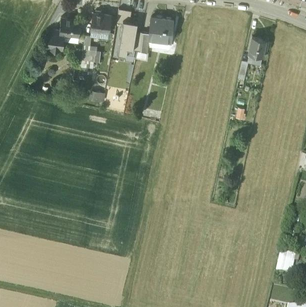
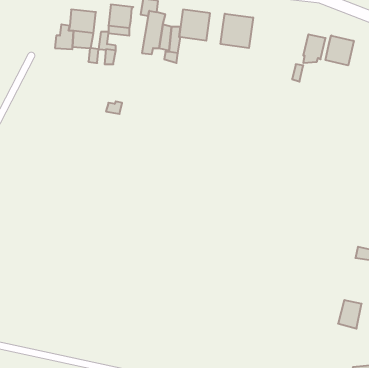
building: none -> [221,14,253,48]
building: none -> [325,35,354,65]

